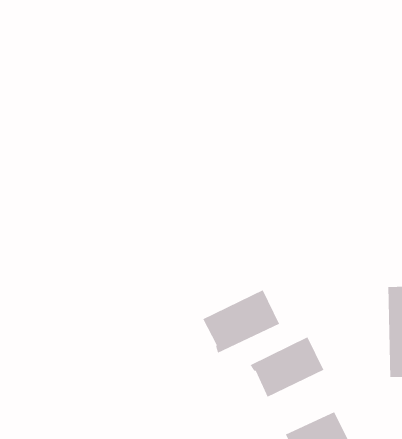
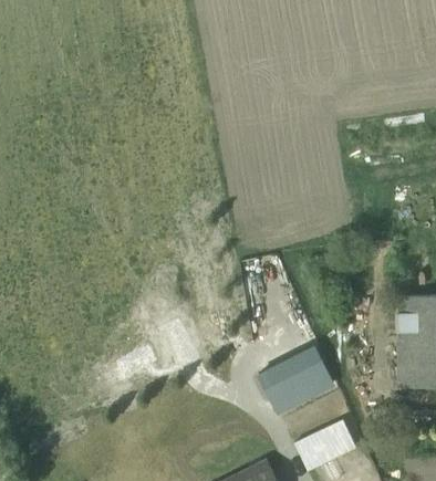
building: [202,289,280,354] -> none

